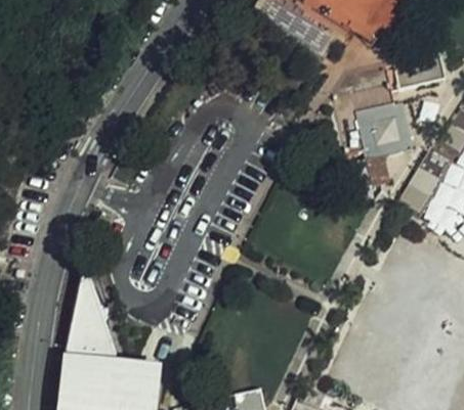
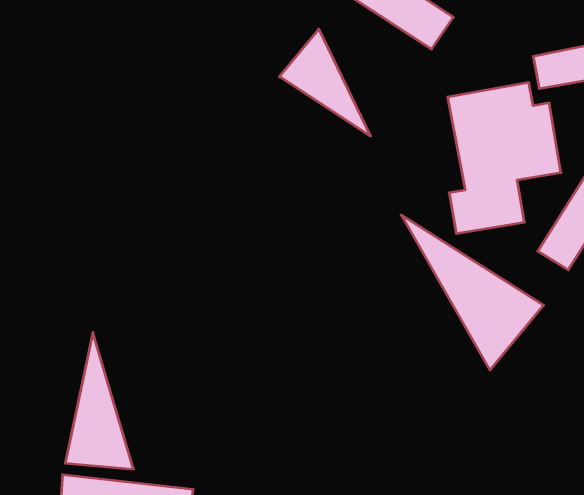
building: none -> [279,29,371,136]
building: none -> [401,215,544,370]

